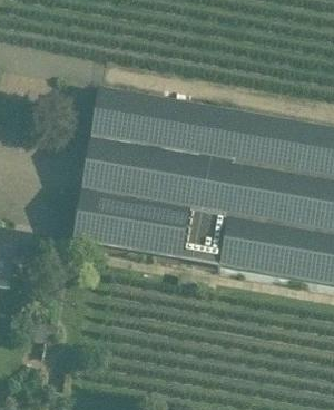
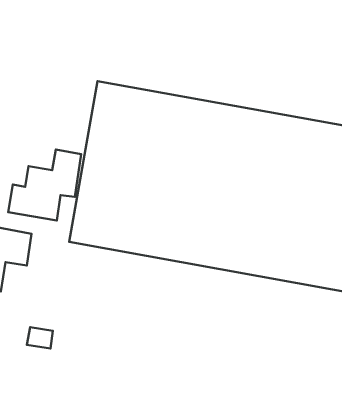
building: none -> [8,150,81,220]

